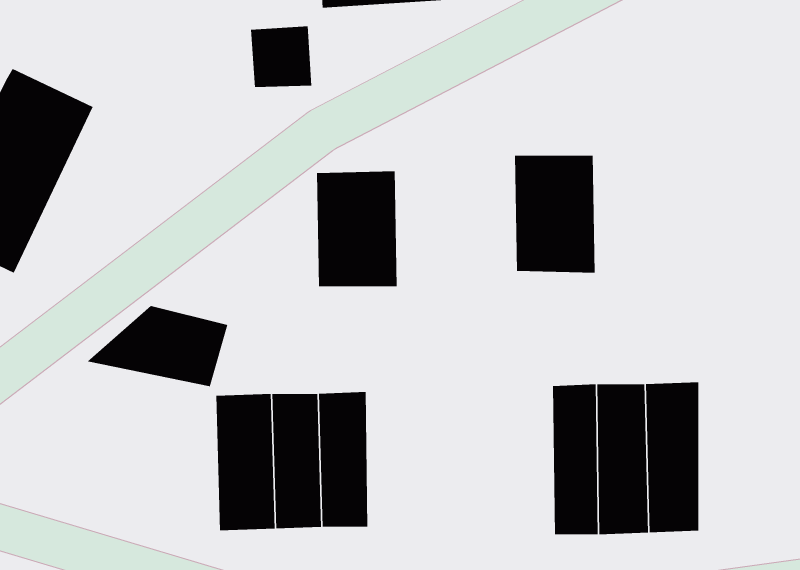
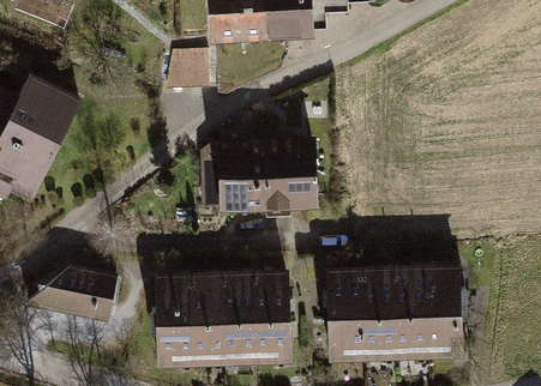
building: [514,155,596,273] -> [266,135,317,209]
building: [87,305,228,387] -> [30,264,118,314]
building: none -> [326,269,365,362]
building: none -> [248,271,283,356]

